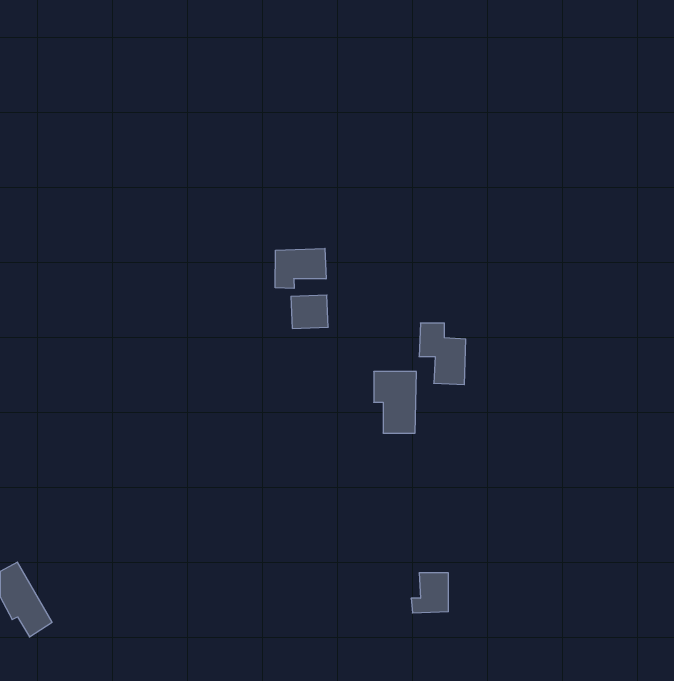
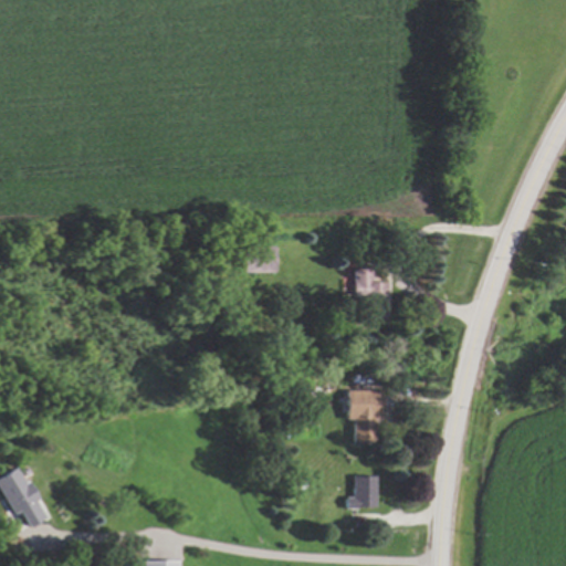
building: [275,248,326,288] -> none
building: [374,372,416,433] -> [346,392,381,443]

